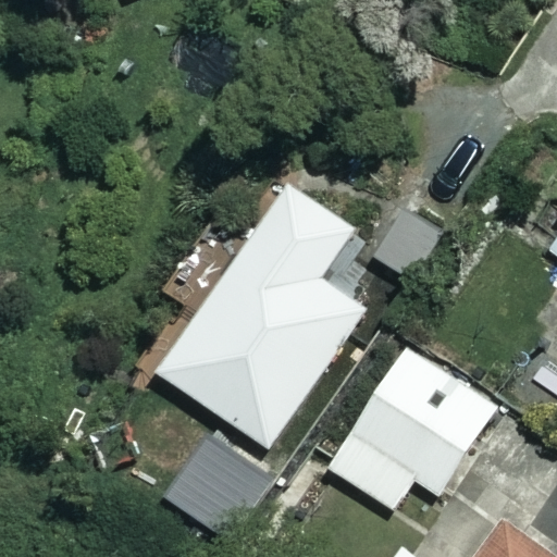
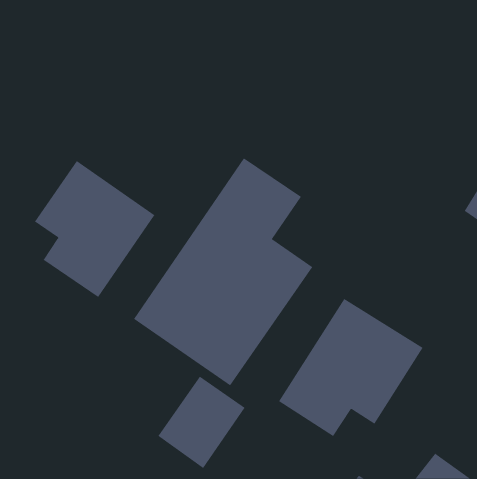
building: none -> [34,160,155,298]

